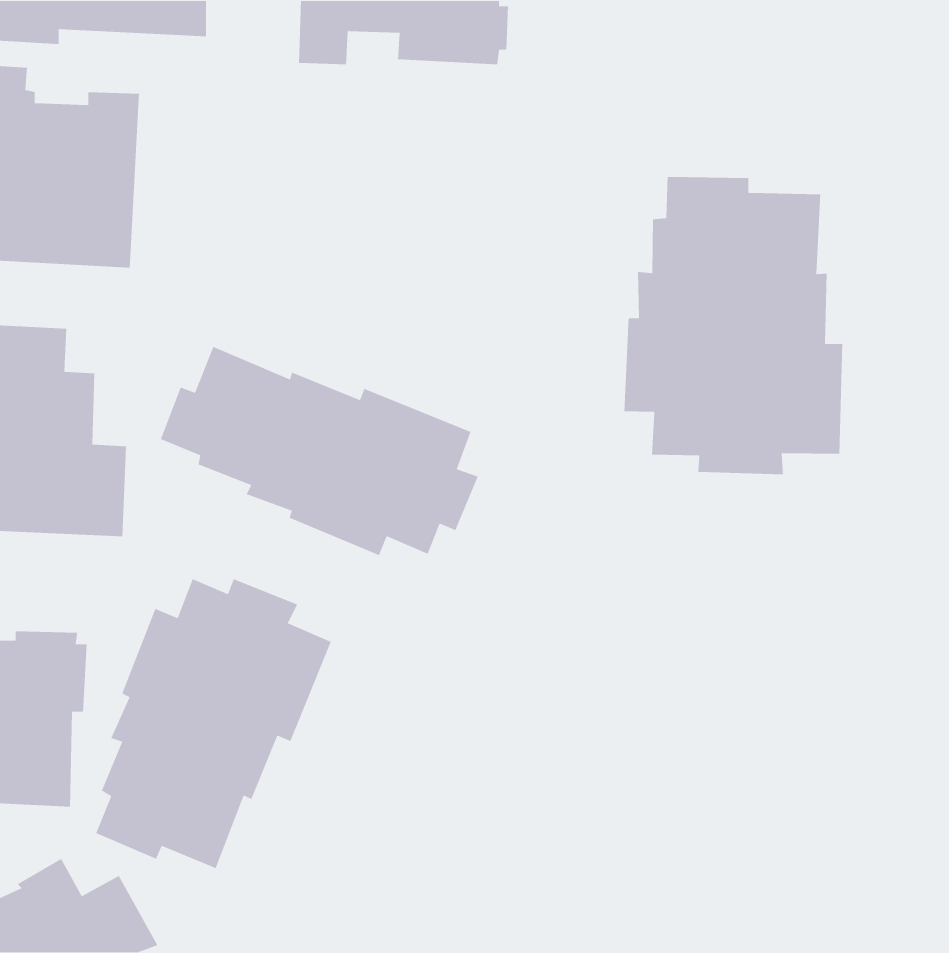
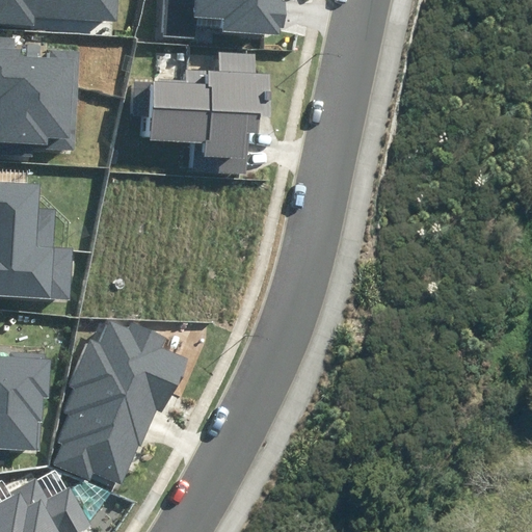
building: none -> [129,55,270,171]
building: [624,176,843,475] -> none
building: [160,346,479,556] -> none

